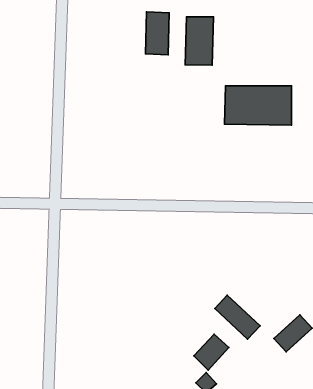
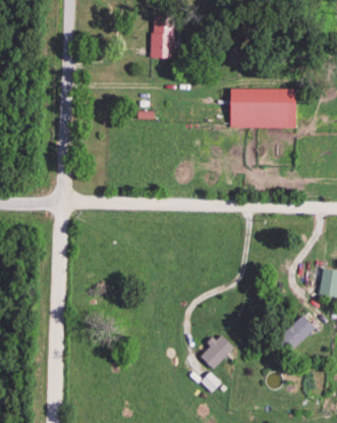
building: [185,17,213,65] -> none
building: [215,295,260,339] -> none

